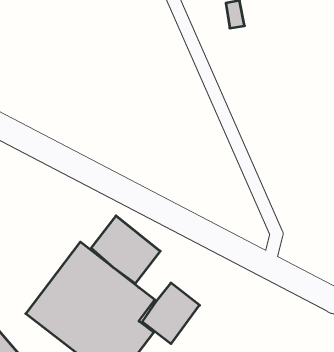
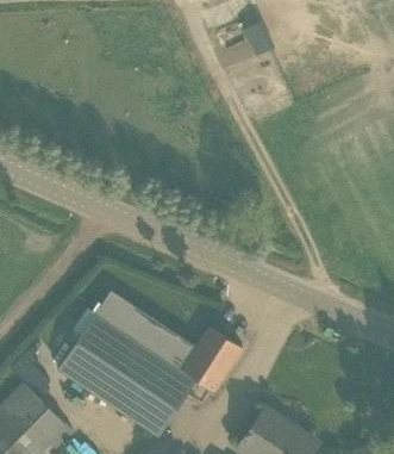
building: [91,216,160,284] -> none

